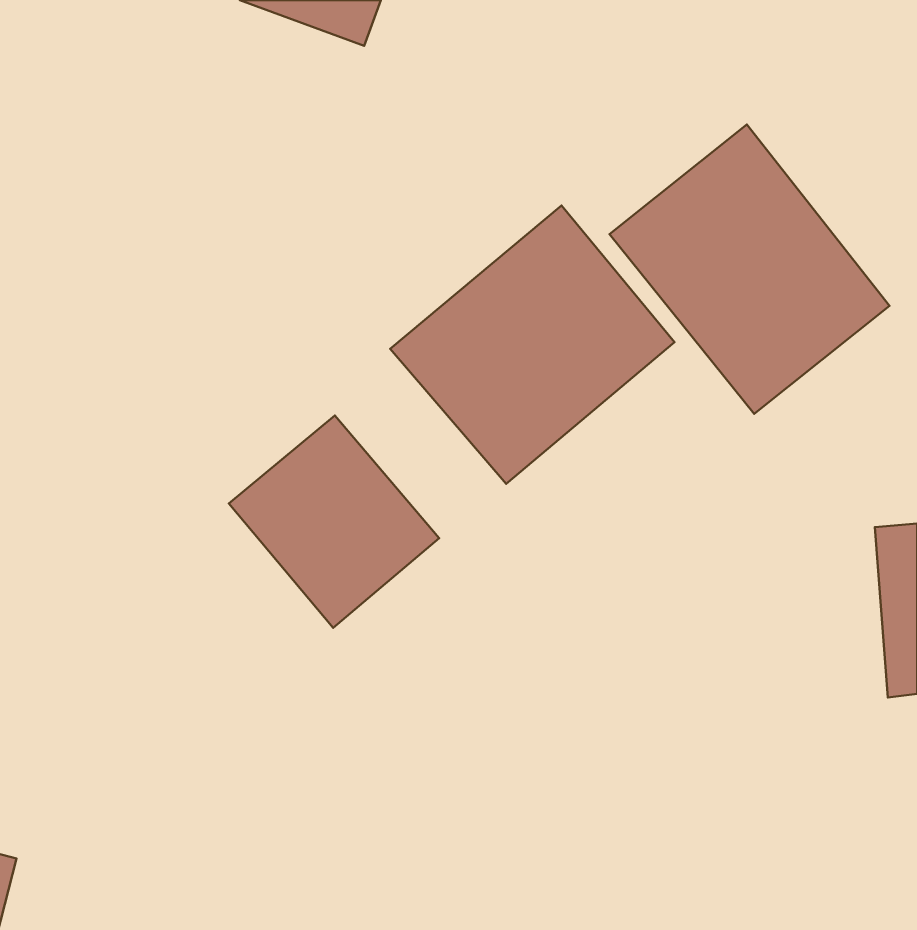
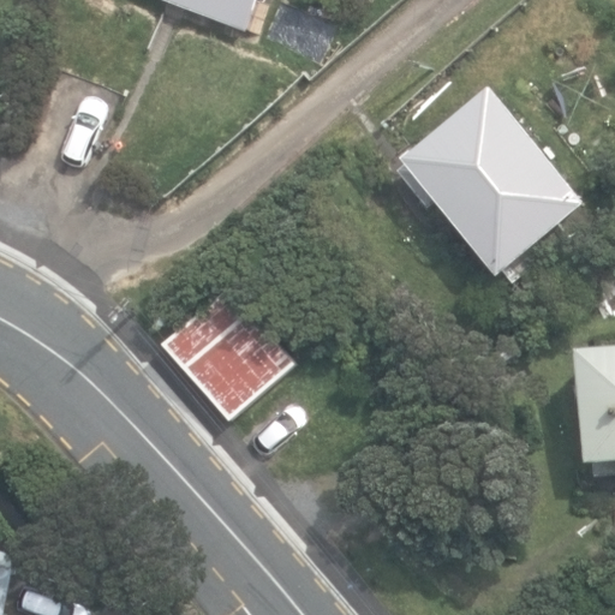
building: [390,205,675,484] -> none

